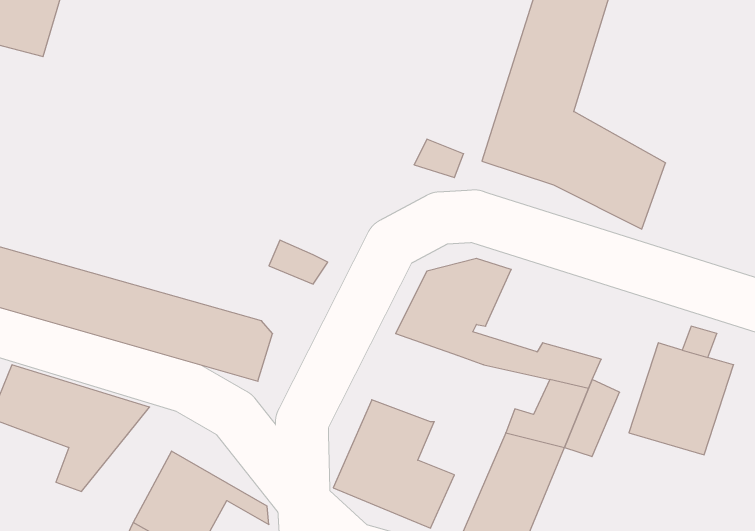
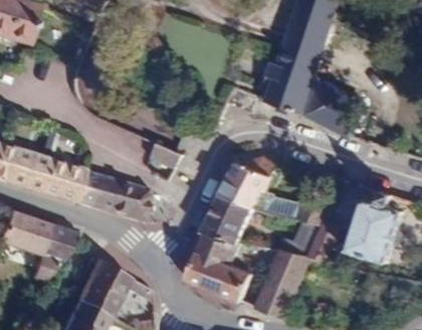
building: none -> [200,194,251,242]

